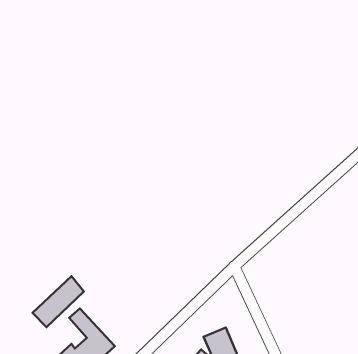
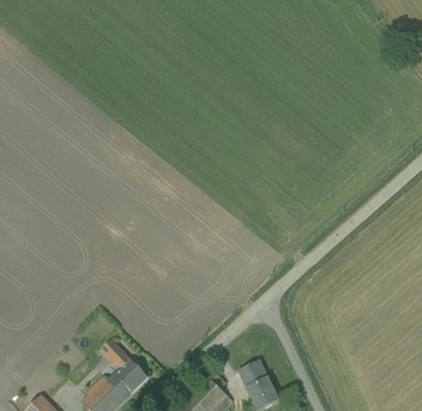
building: [33,276,84,327] -> none

